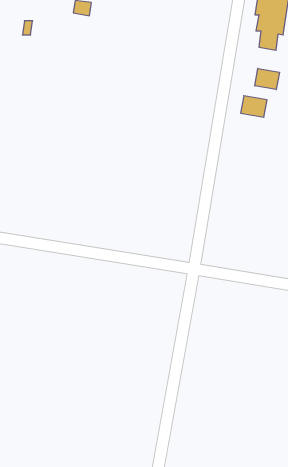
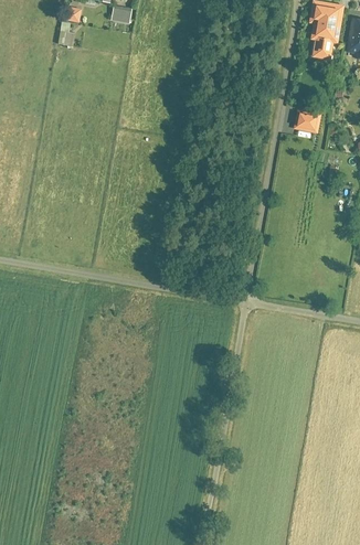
building: [255,68,279,90] -> none

